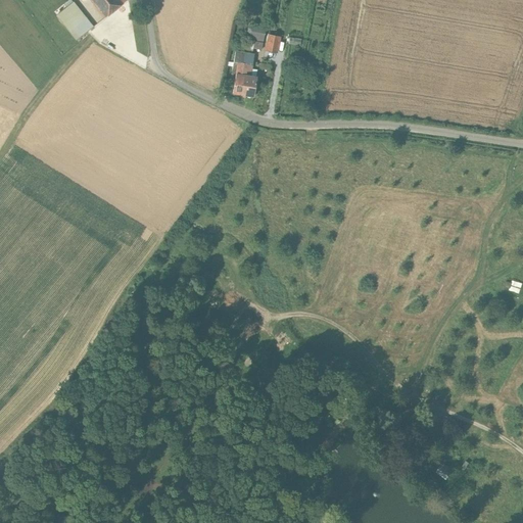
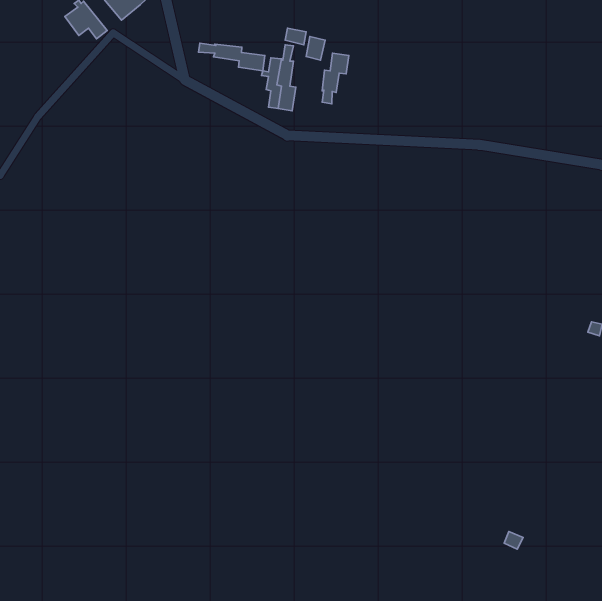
building: none -> [199,43,265,71]
building: none -> [322,53,349,104]

